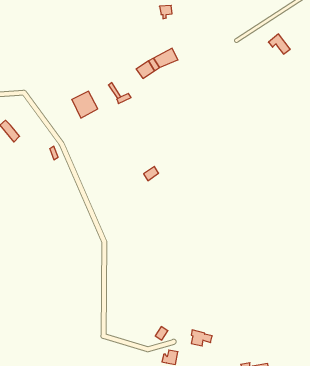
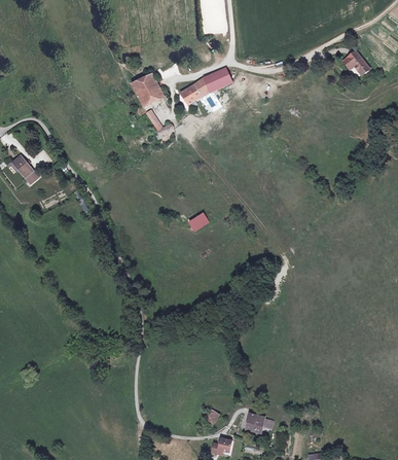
building: [72,91,98,118] -> [132,74,164,107]

